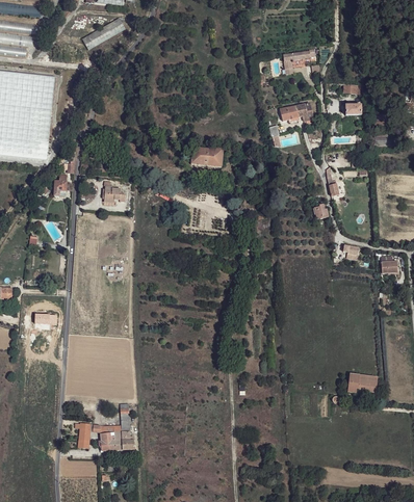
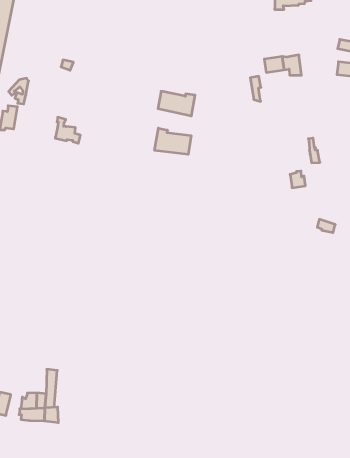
building: none -> [155,128,191,154]
building: [347,373,378,392] -> none

